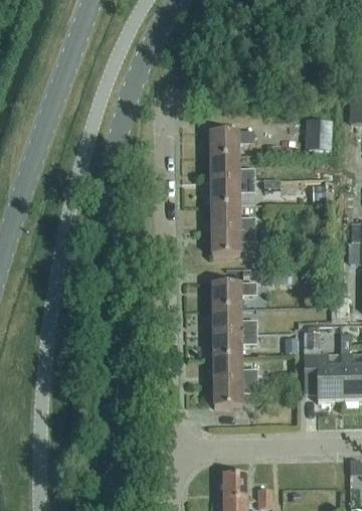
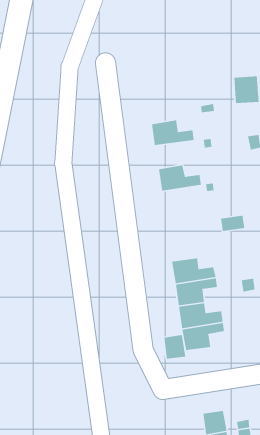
building: [209,131,254,156] -> none
building: [210,180,254,205] -> none
building: [211,229,255,254] -> none
building: [211,283,256,307] -> none
building: none -> [164,334,186,359]

